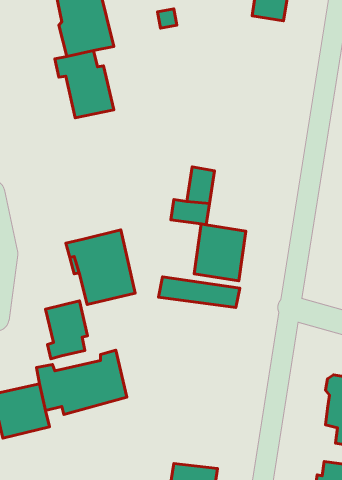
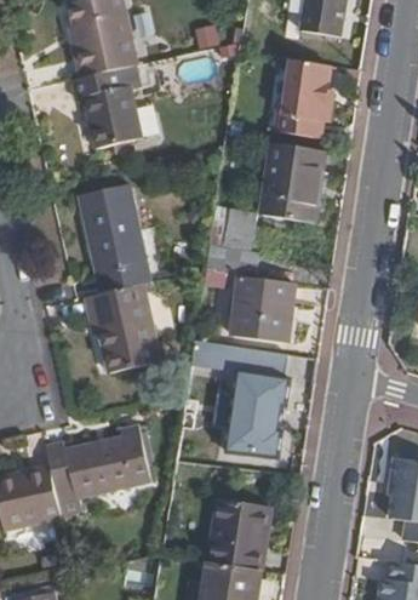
building: none -> [277,58,339,138]
building: none -> [263,143,323,223]
building: none -> [80,185,154,295]
building: [45,301,87,359] -> none
building: none -> [218,395,280,470]
building: none -> [210,498,270,567]

